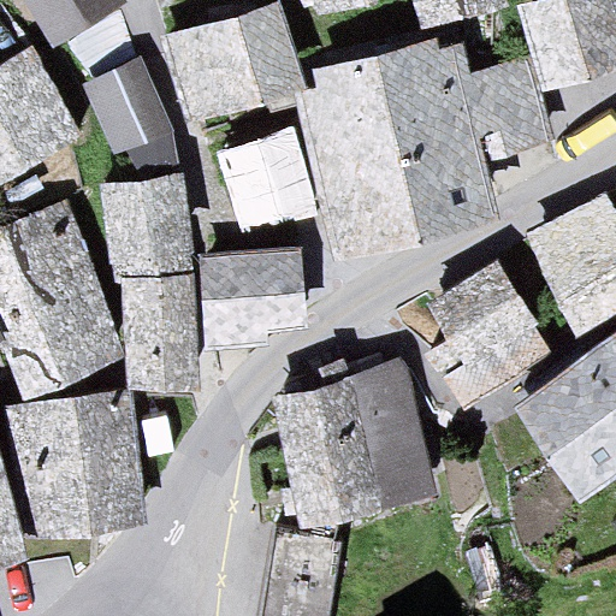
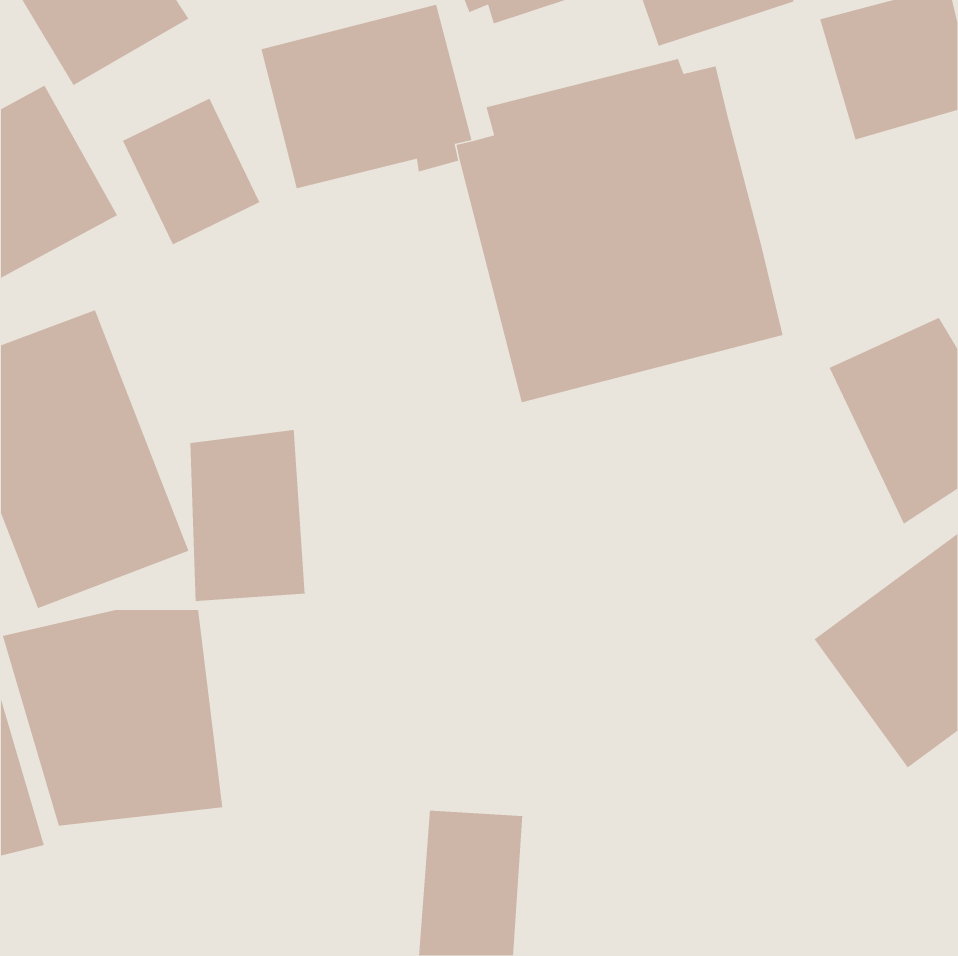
building: [467,58,547,155] -> none
building: [212,131,314,238] -> none
building: [96,171,189,285] -> none
building: [195,243,310,349] -> none
building: [416,263,547,403] -> none
building: [273,369,432,519] -> none

